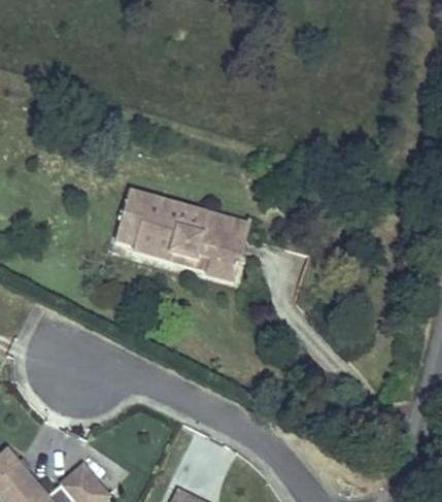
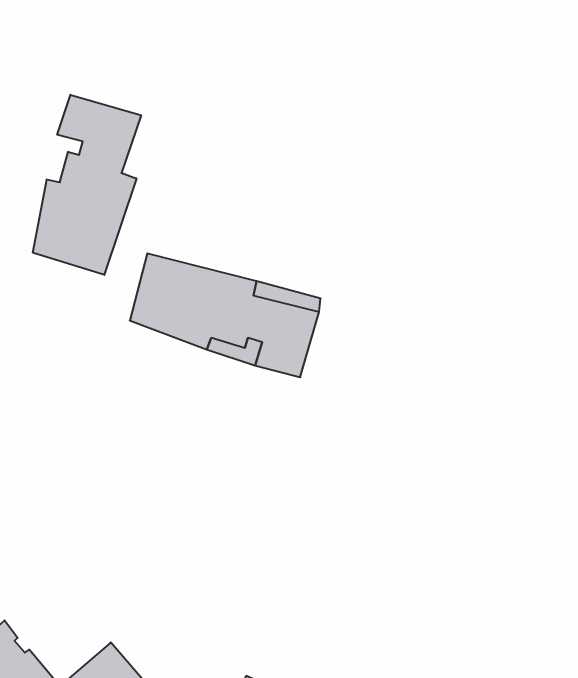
building: none -> [33,95,141,275]

